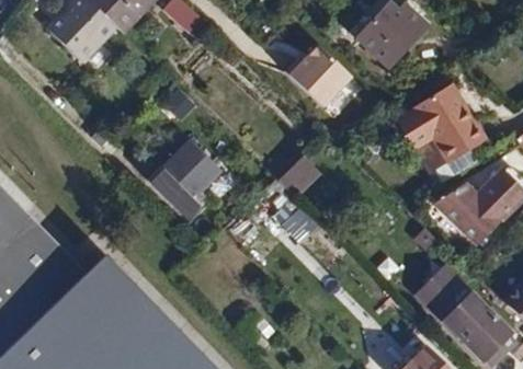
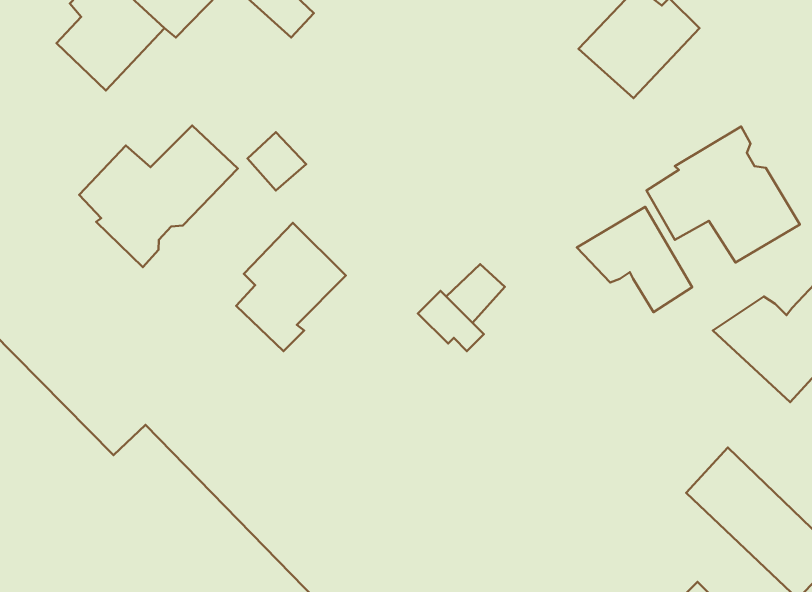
building: [286,45,352,107] -> none
building: none -> [79,125,238,267]
building: none -> [577,207,692,312]

